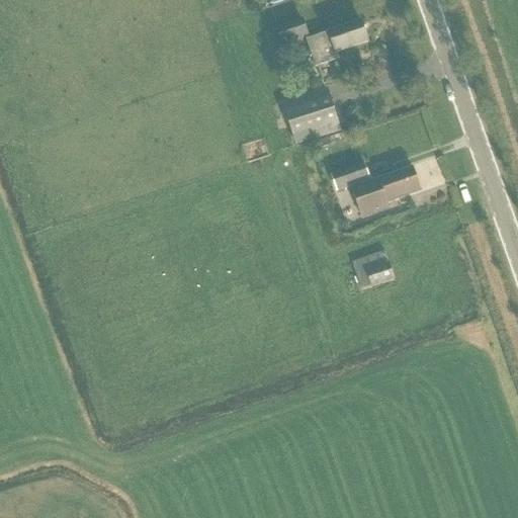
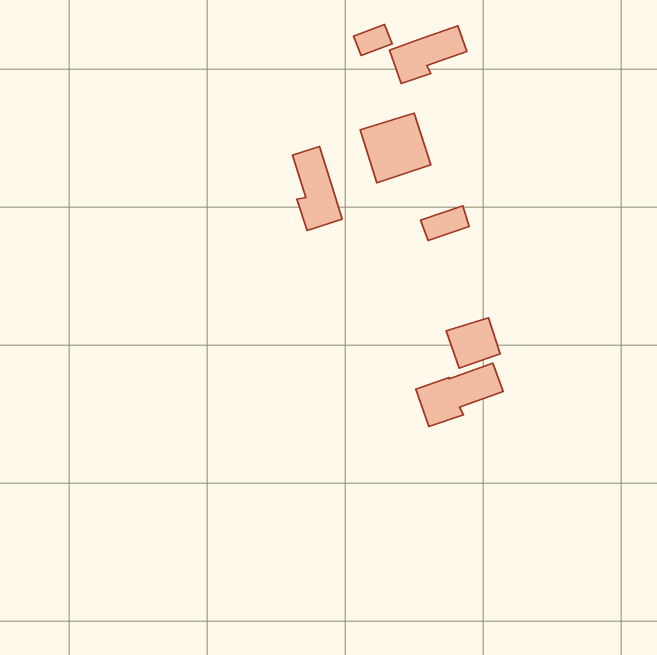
building: none -> [292,147,342,231]
building: [351,167,420,217] -> [416,363,503,426]

